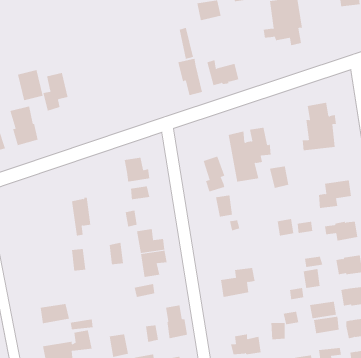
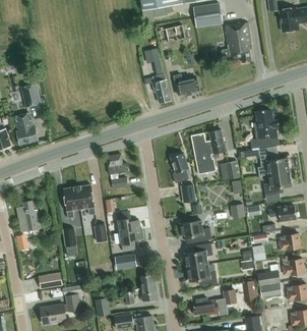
building: [43,72,68,111] -> none
building: none -> [258,147,289,175]
building: none -> [76,184,95,215]
building: none -> [16,201,40,232]
building: none -> [180,220,210,242]
building: none -> [186,264,217,285]

